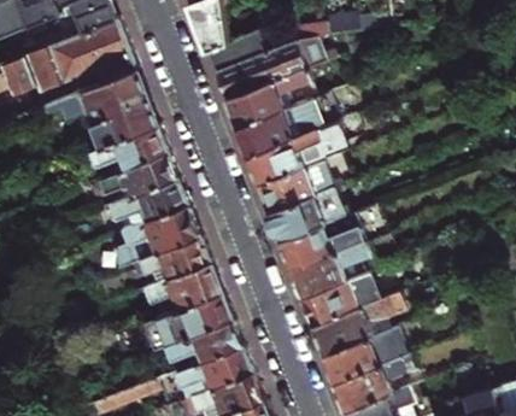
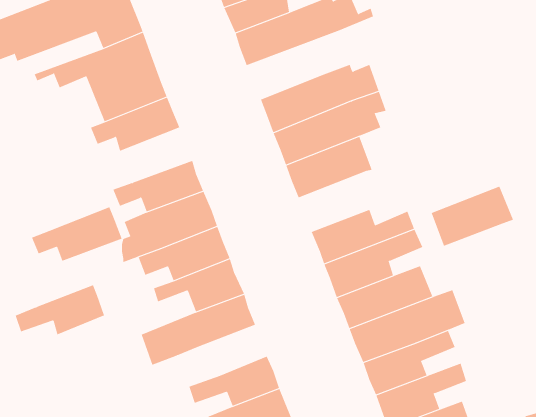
building: [222,69,307,128] -> none
building: [98,152,176,199] -> [31,206,122,261]
building: [266,189,338,241] -> [431,186,514,246]
building: [163,321,240,364] -> [15,284,105,335]

